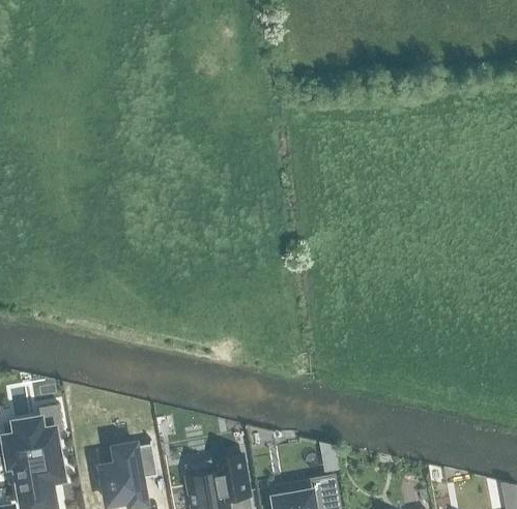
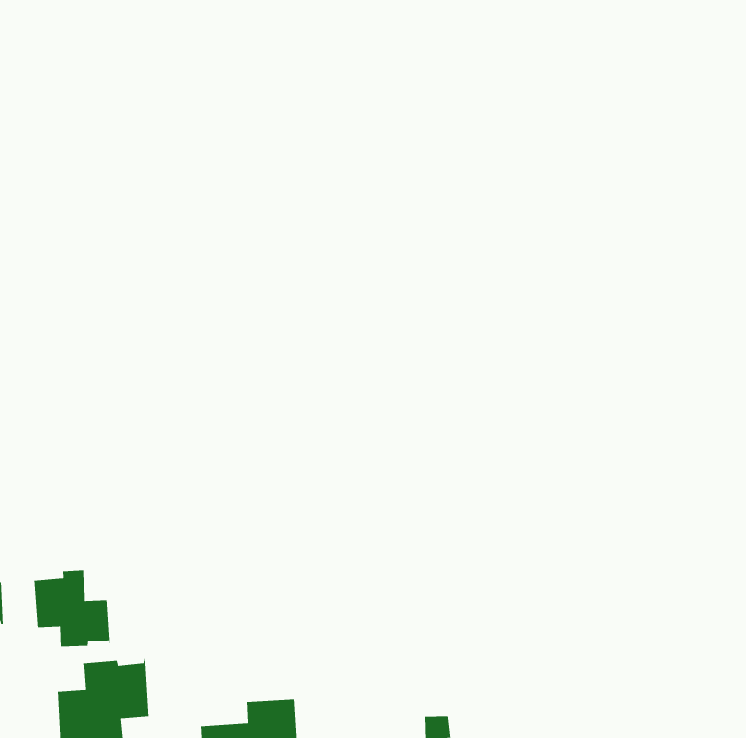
building: none -> [33,569,110,647]

